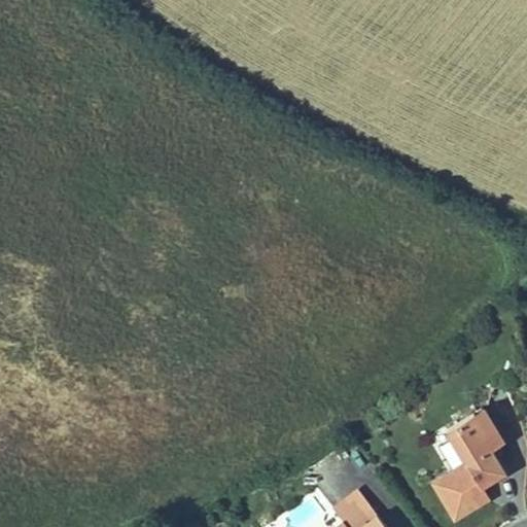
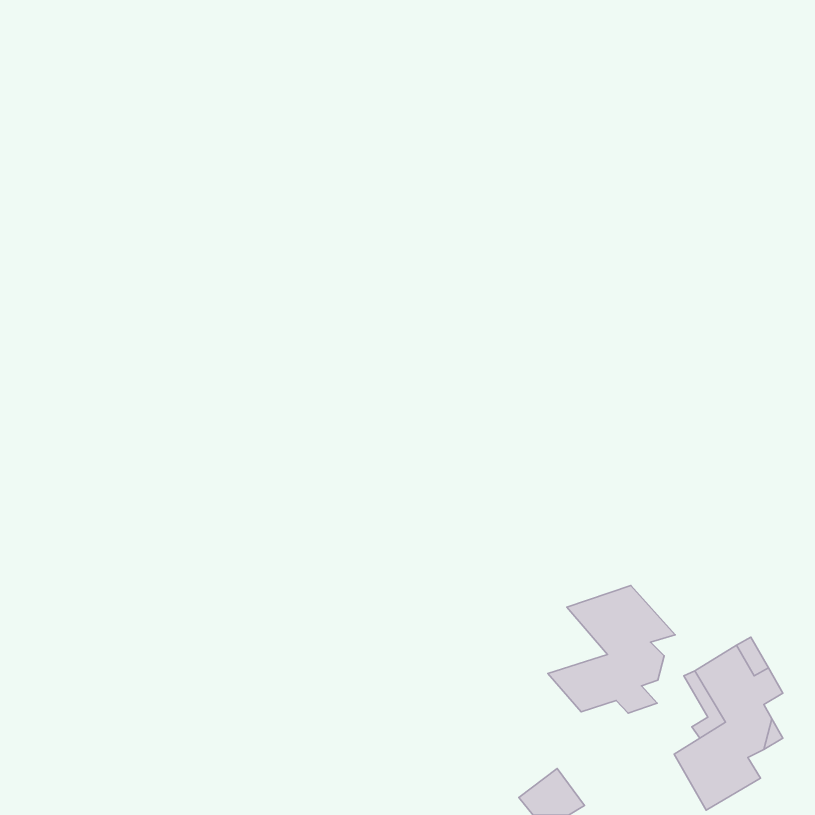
building: none -> [548,586,675,713]

